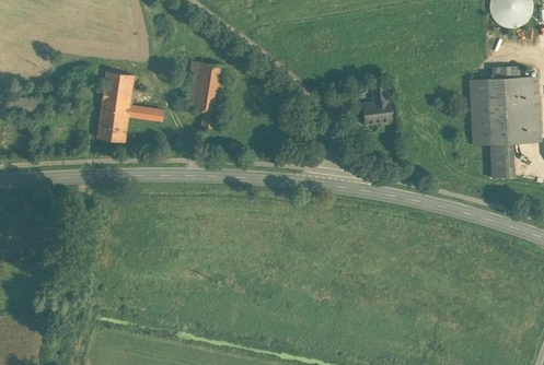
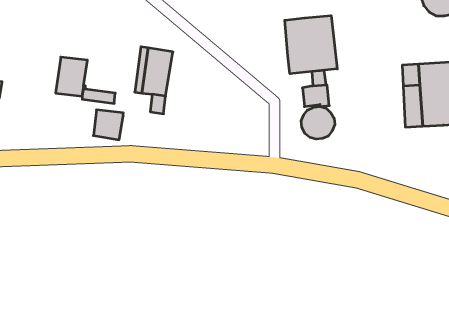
building: none -> [285,16,337,74]
building: [96,110,128,142] -> [93,110,123,140]
building: none -> [301,107,335,139]
building: [489,144,513,179] -> none

